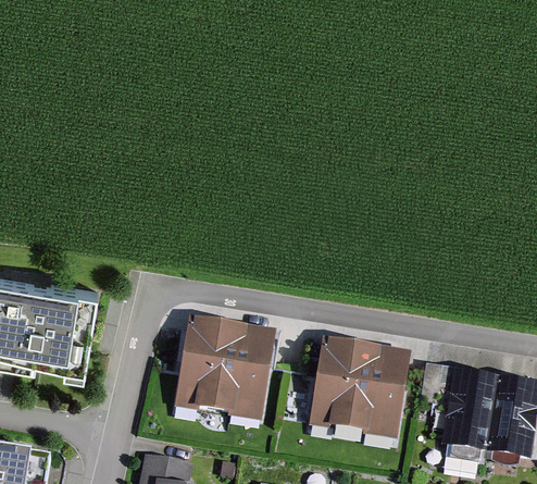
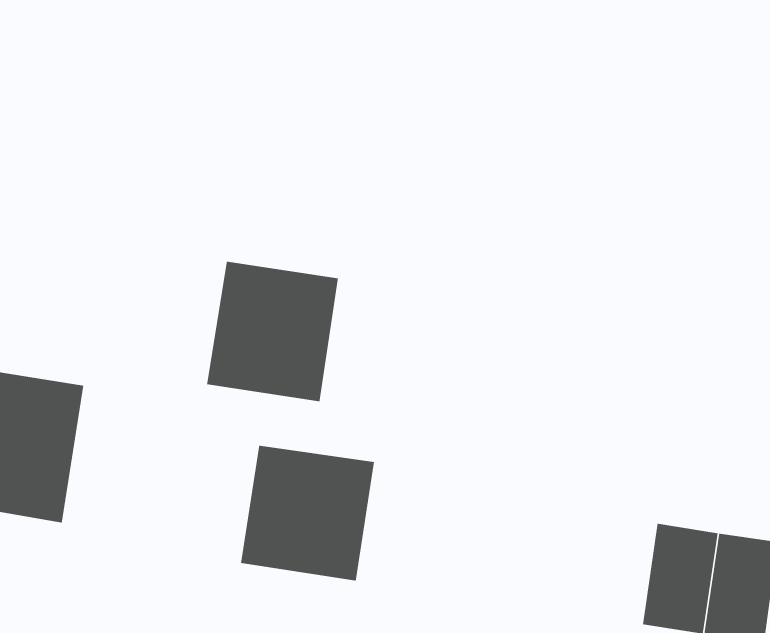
building: none -> [207,261,338,402]
building: [315,350,402,432] -> none

